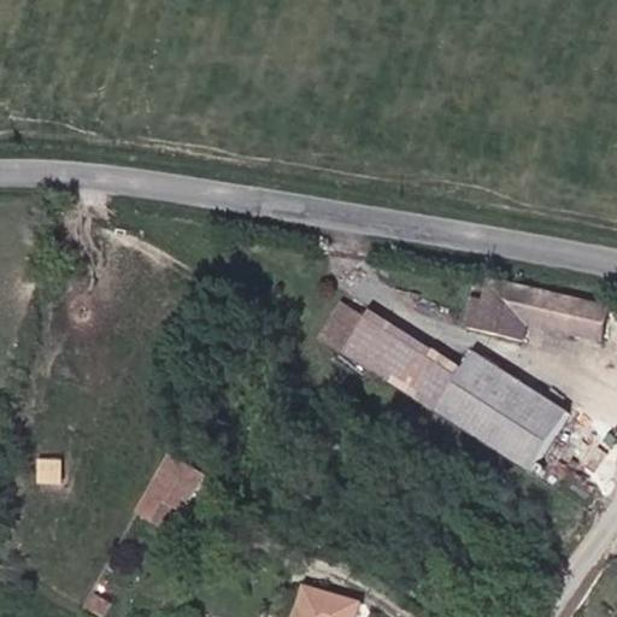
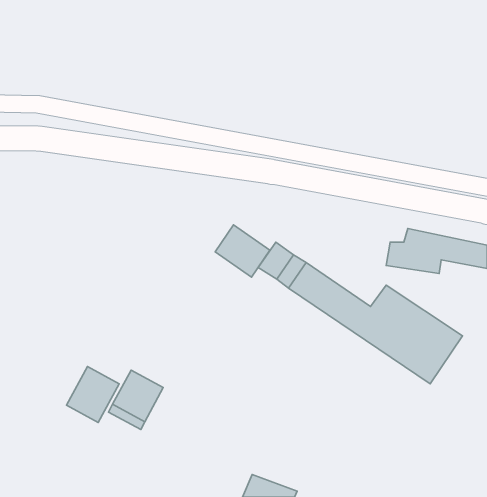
building: none -> [215,225,270,277]
building: none -> [67,367,119,422]

